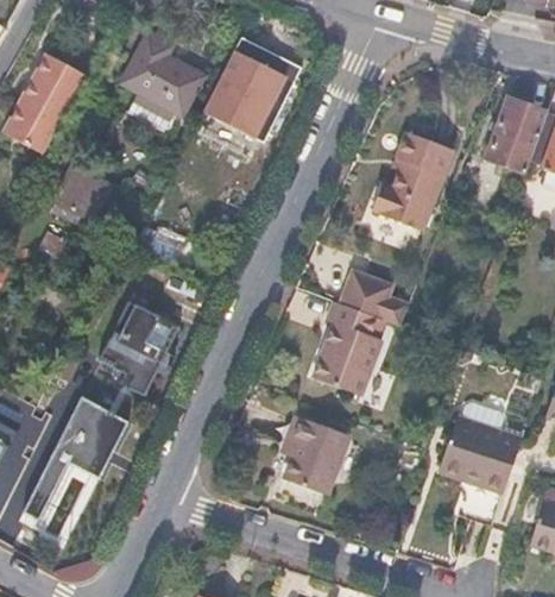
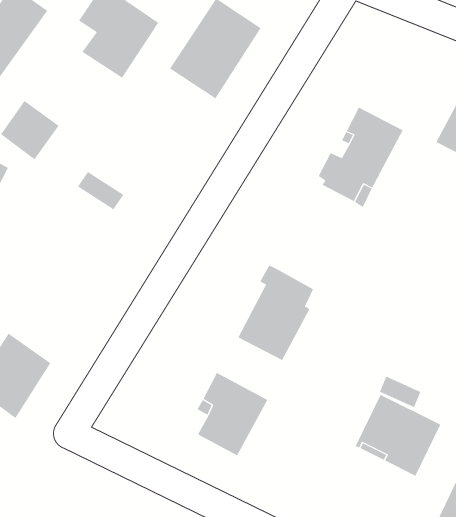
building: [341,268,410,326] -> none
building: [100,298,177,392] -> none

